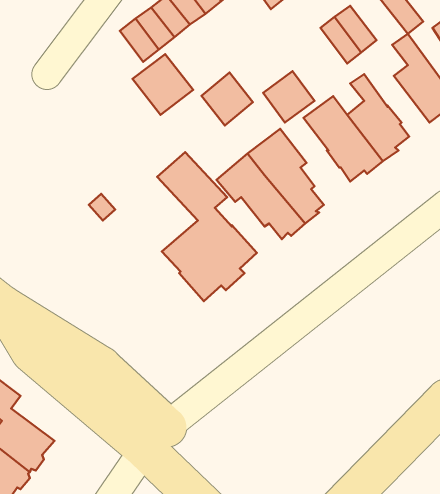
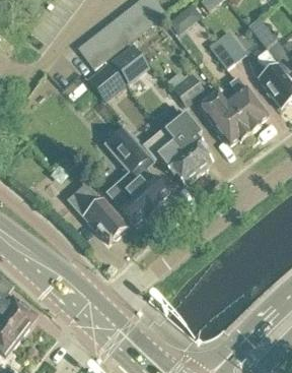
building: [202,73,253,125] -> [113,45,146,79]
building: none -> [67,181,126,240]

